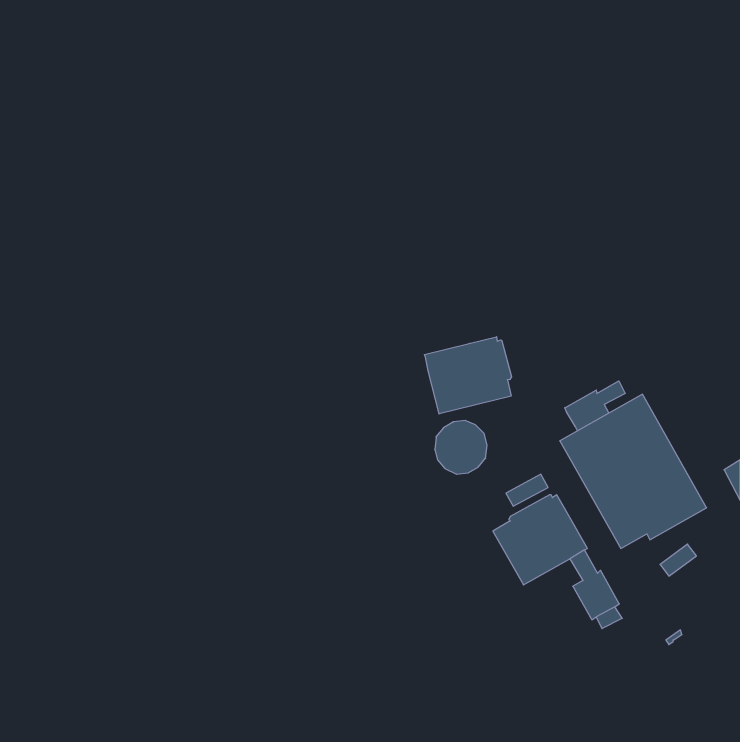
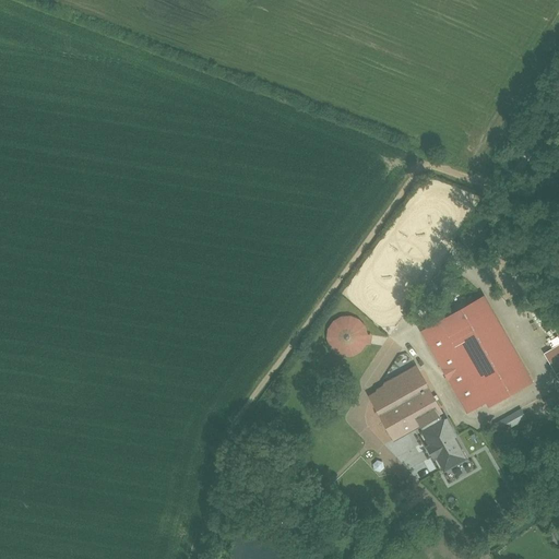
building: [424,337,511,414] -> none
building: [565,381,625,431] -> none

